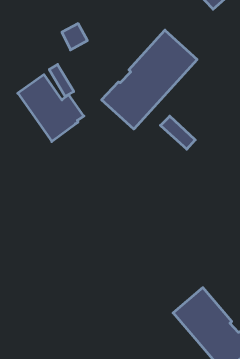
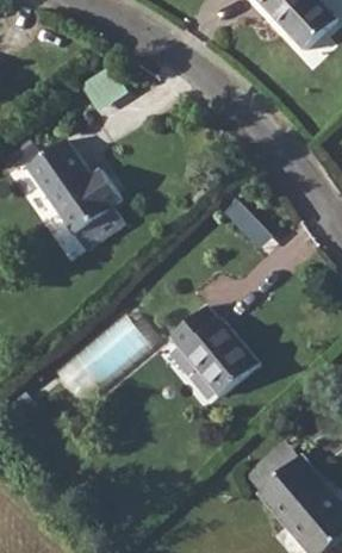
building: [102,30,197,129] -> none
building: none -> [170,307,260,398]

